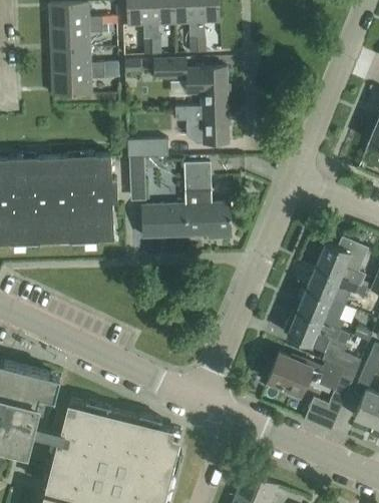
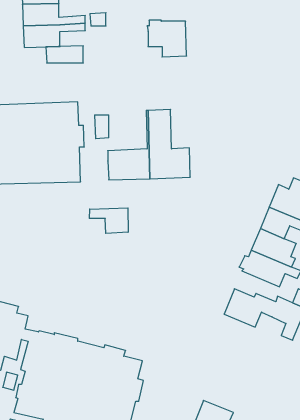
building: [152,59,186,81] -> none
building: [174,106,229,145] -> none
building: [127,140,167,158] -> [46,46,83,63]
building: none -> [89,208,128,233]
building: [304,401,338,433] -> none

